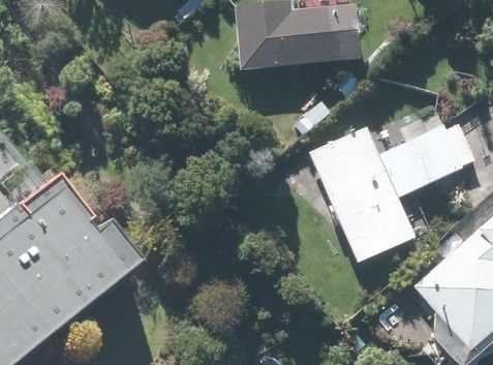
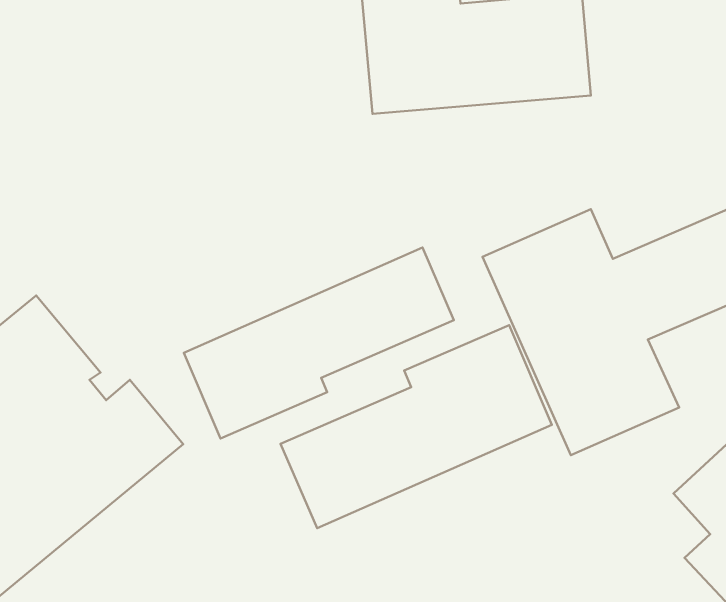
building: none -> [184,248,454,438]
building: none -> [281,325,552,528]

